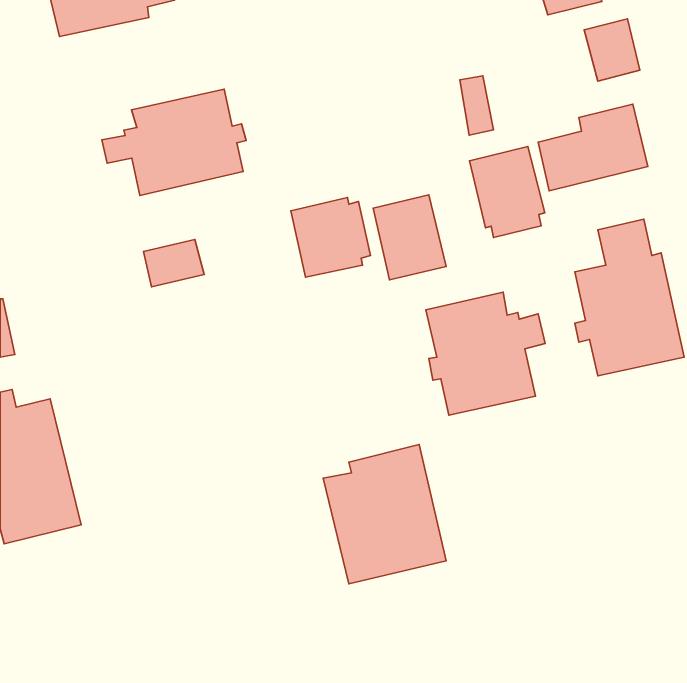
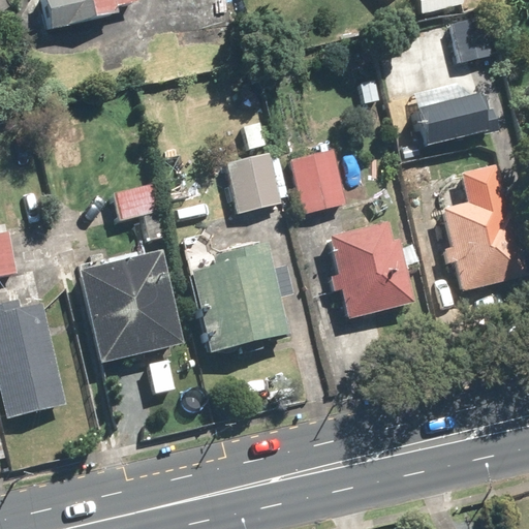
building: [102,89,246,195] -> none
building: [470,147,545,238] -> none
building: none -> [81,253,182,363]
building: [323,445,446,584] -> [190,243,284,349]

